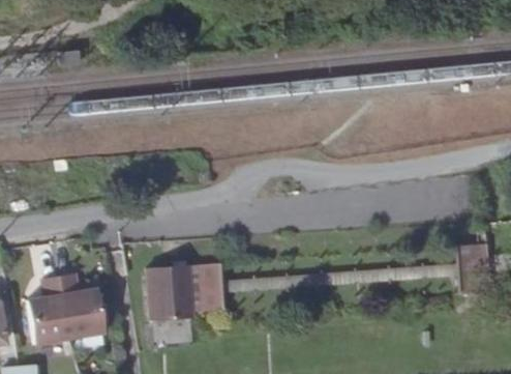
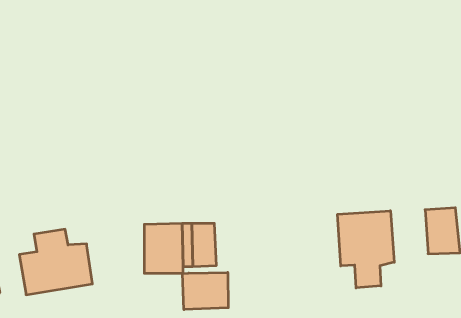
building: none -> [338,211,394,288]
building: none -> [182,272,228,310]

